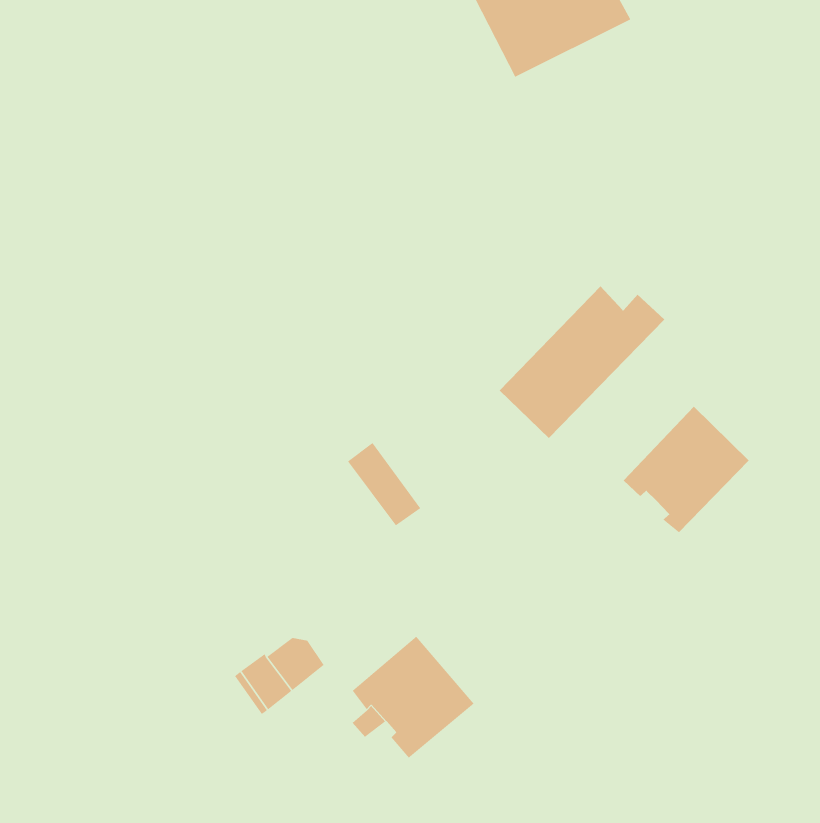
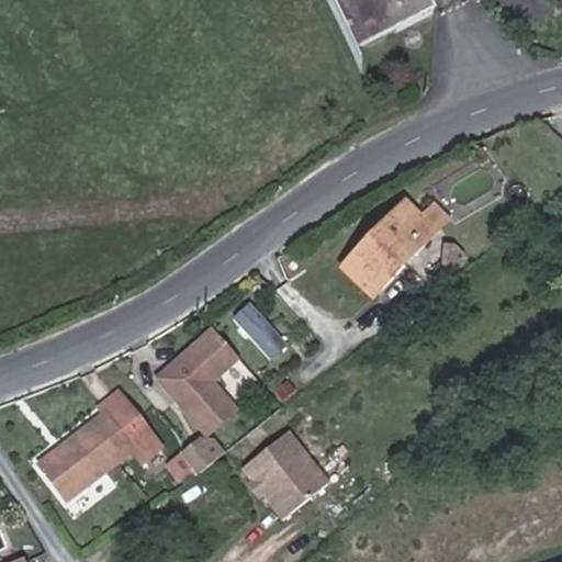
building: [623,406,749,533] -> none
building: none -> [160,326,243,430]
building: none -> [38,390,159,495]

